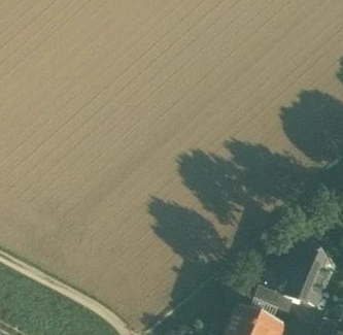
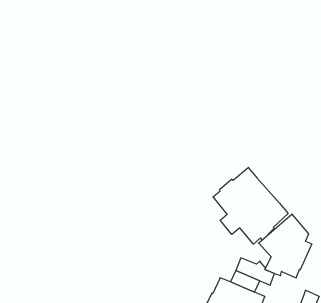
building: none -> [213,167,288,244]

